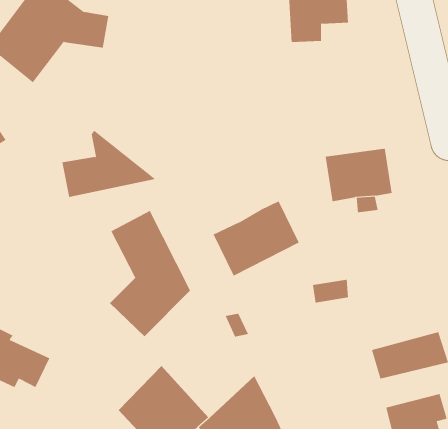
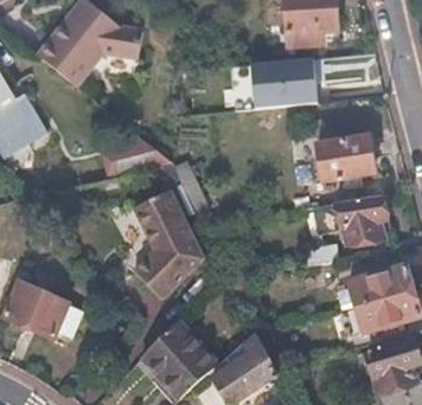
building: none -> [258,62,326,111]
building: [213,201,299,277] -> none
building: none -> [338,197,384,245]
building: none -> [347,266,413,307]

